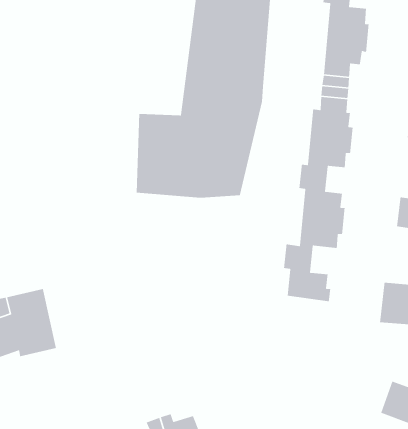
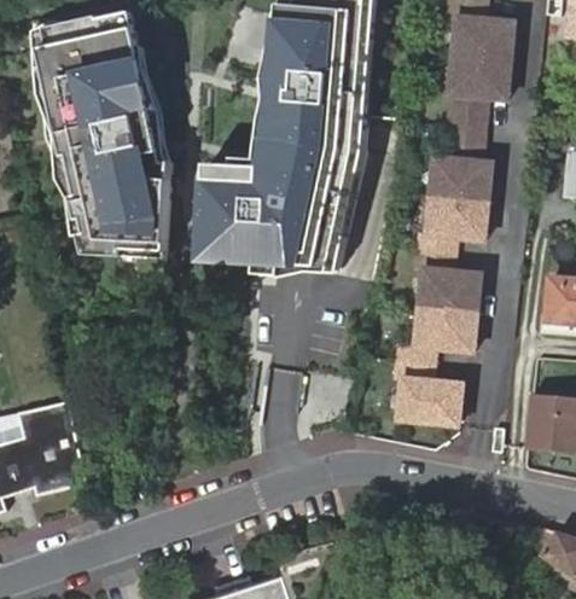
building: none -> [33,14,167,261]

